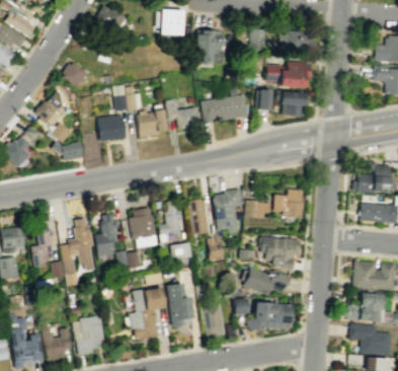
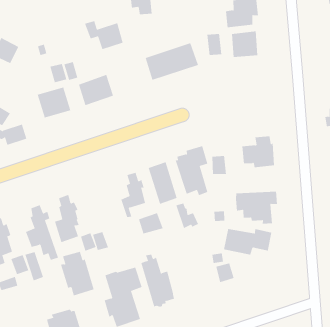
building: [166,102,198,130] -> [84,20,123,50]
building: [130,208,157,247] -> [60,251,95,296]
building: [249,301,293,330] -> none
building: [202,304,225,339] -> none

